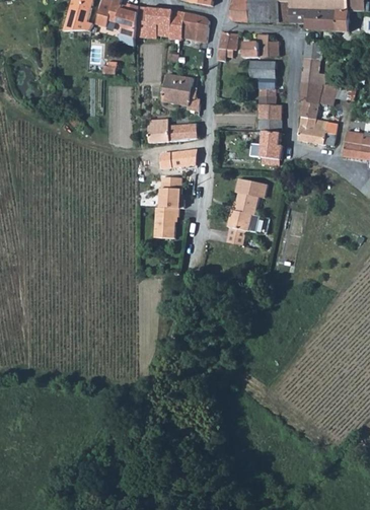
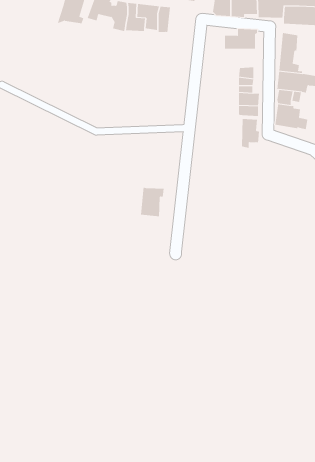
building: [183,11,209,41] -> none
building: [218,32,239,57] -> none
building: [249,61,277,77] -> none
building: [162,74,199,112] -> none
building: [149,124,197,143] -> none
building: [170,149,198,166] -> none
building: [159,176,183,208] -> none
building: [226,177,266,244] -> none

